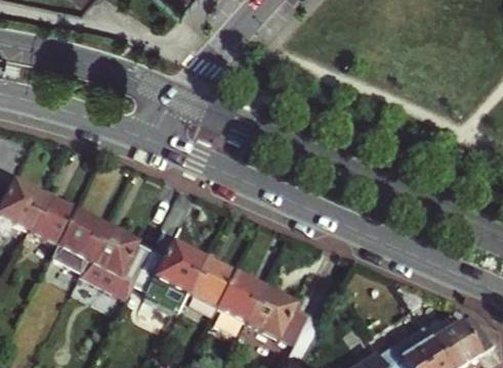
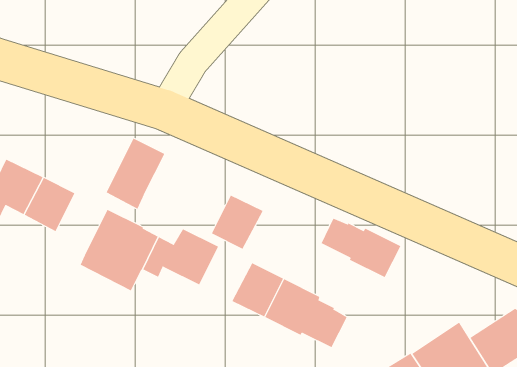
building: [49,209,102,273] -> [106,138,165,210]
building: none -> [321,218,401,278]
building: [185,257,233,306] -> [211,195,263,249]

